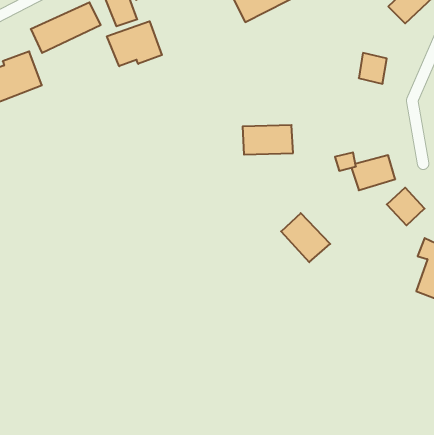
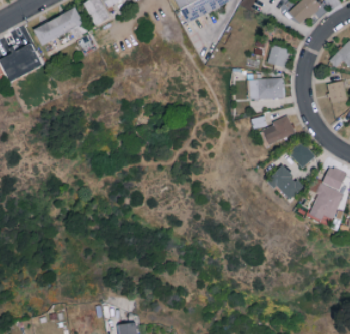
building: [107,21,162,66] -> none
building: [243,125,293,155] -> [248,78,284,99]
building: [281,213,330,262] -> [268,165,303,201]

